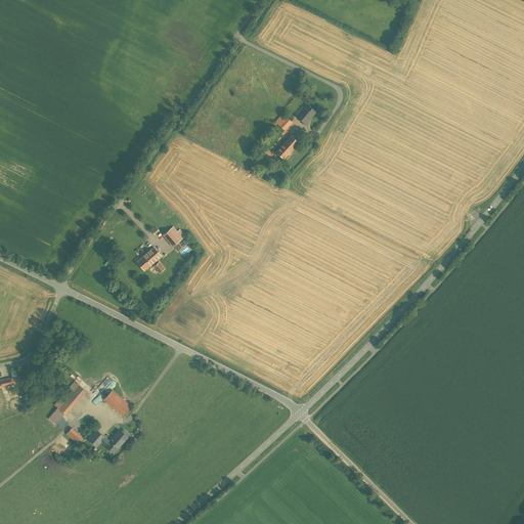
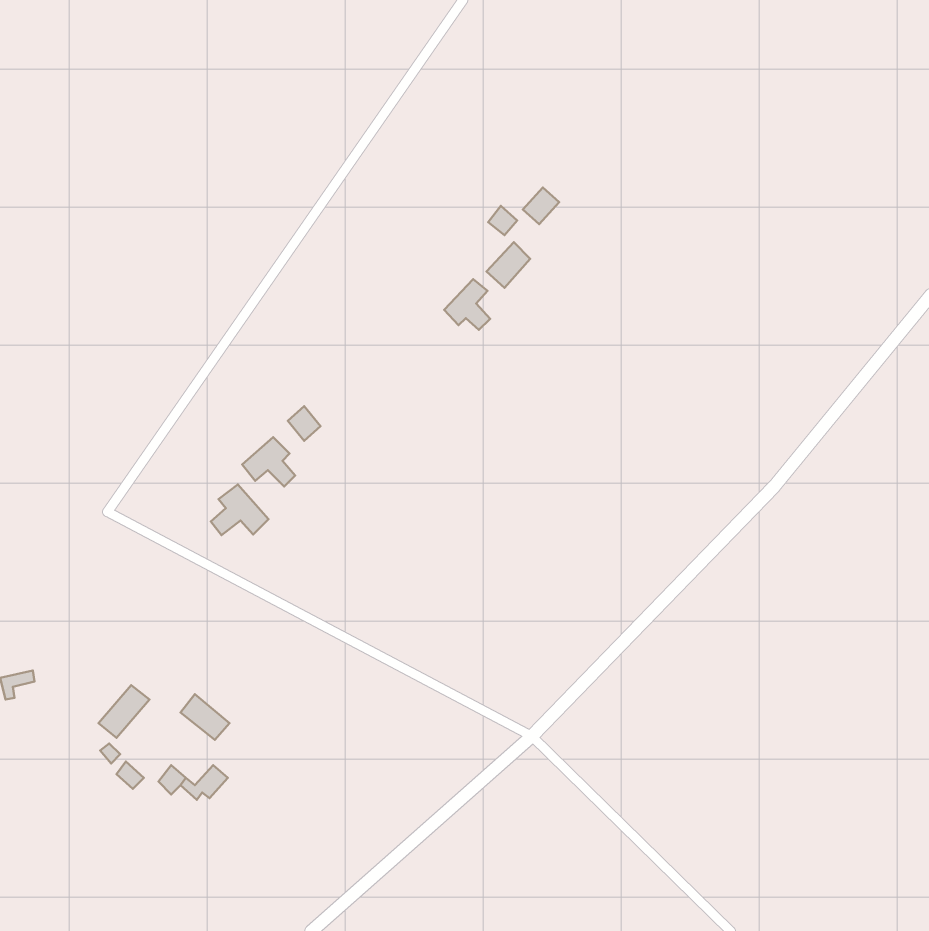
building: none -> [444,279,490,330]
building: none -> [211,484,268,535]

